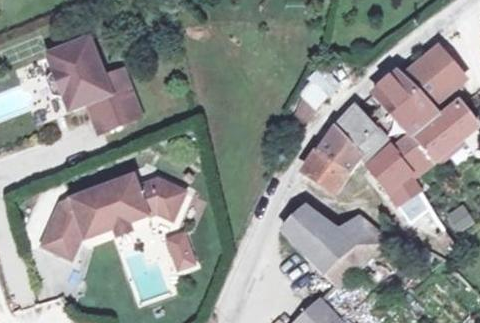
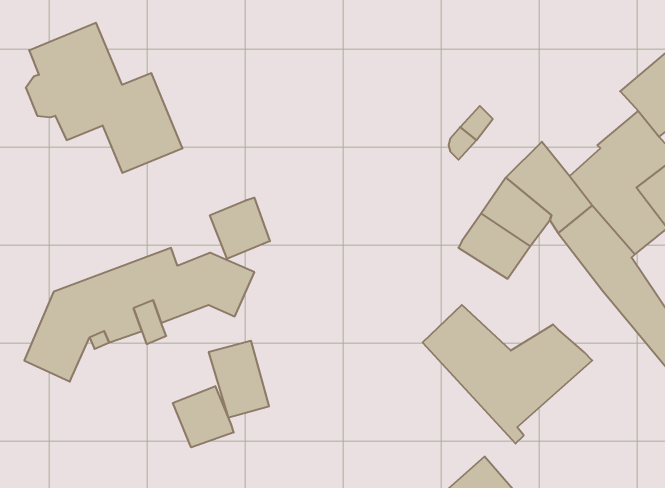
building: [377,73,418,111] -> none
building: none -> [210,198,270,259]
building: none -> [173,386,234,447]

